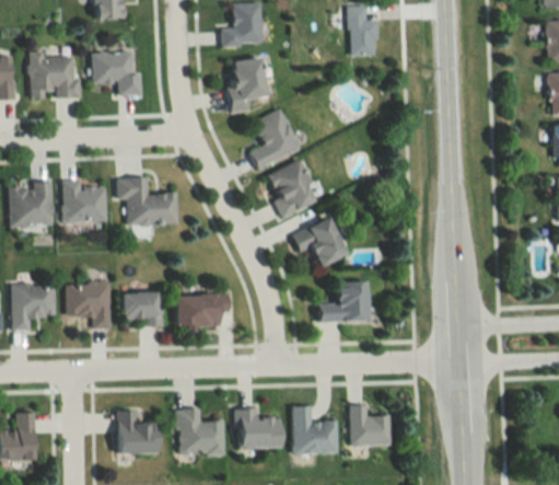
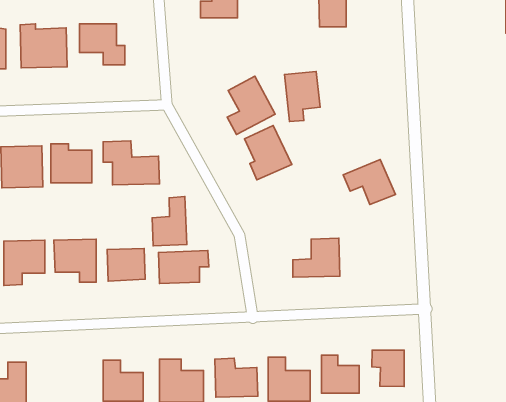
building: [228,58,266,112] -> [284,71,320,122]
building: [292,218,348,266] -> [343,159,395,205]
building: none -> [152,197,187,246]
building: none -> [372,350,404,386]

